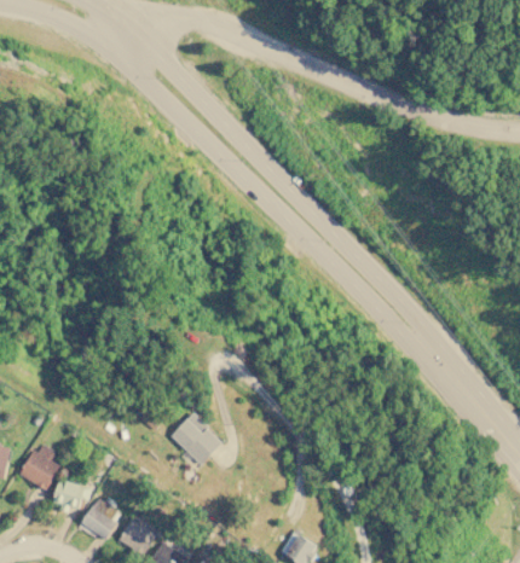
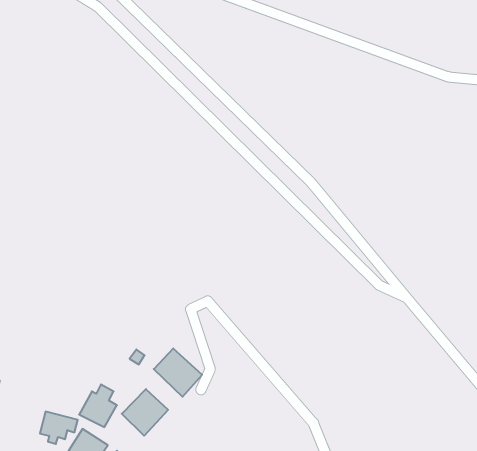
building: [19,443,59,488] -> [79,384,117,427]
building: none -> [122,389,168,436]

